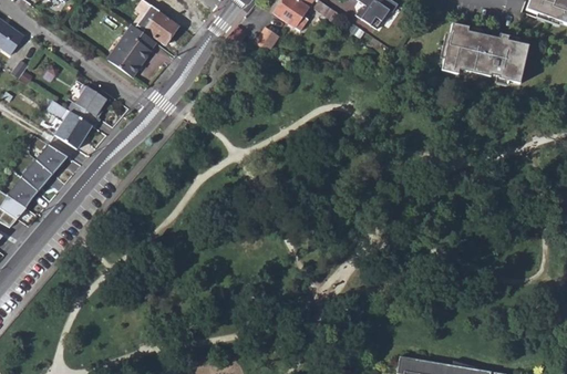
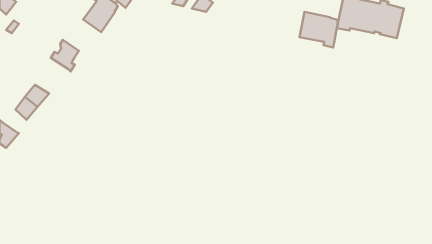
building: none -> [300,12,338,47]
building: [45,100,91,148] -> none
building: [6,177,35,207] -> none

